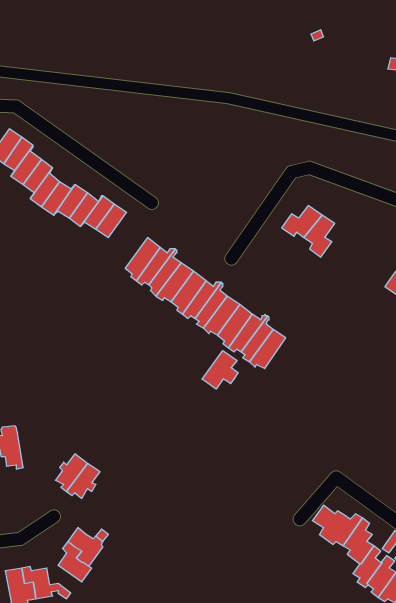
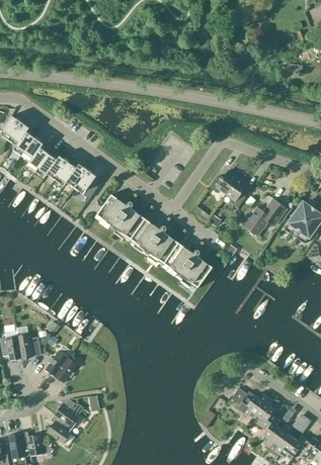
building: none -> [244,198,287,235]
building: [202,351,238,389] -> none
building: none -> [17,333,39,360]

